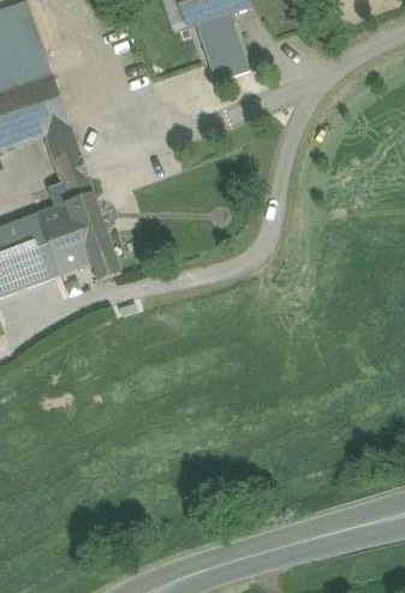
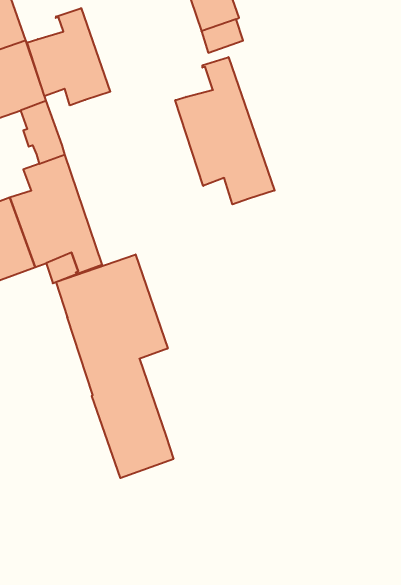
building: none -> [27,8,110,105]
building: none -> [175,57,275,204]
building: none -> [56,254,173,478]

